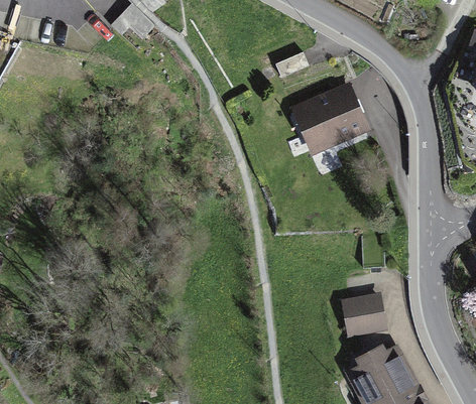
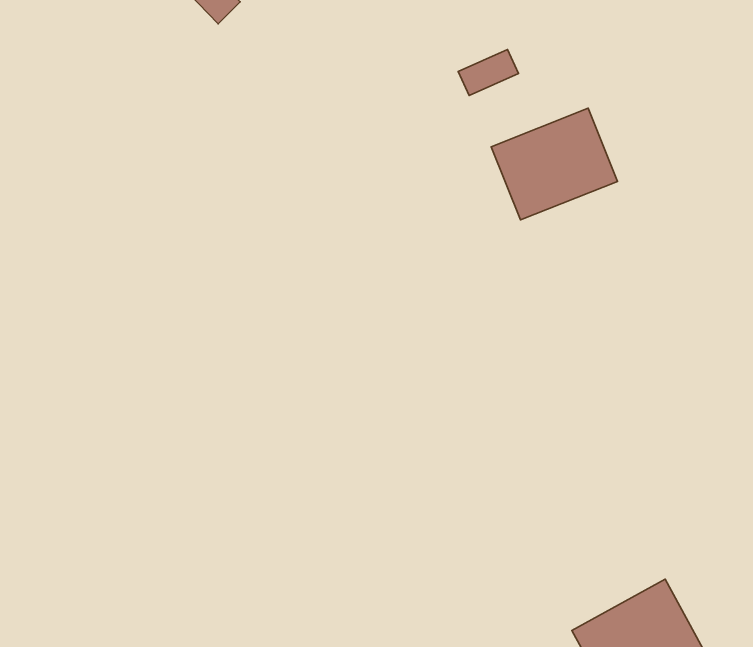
building: [341,292,385,334] -> none

